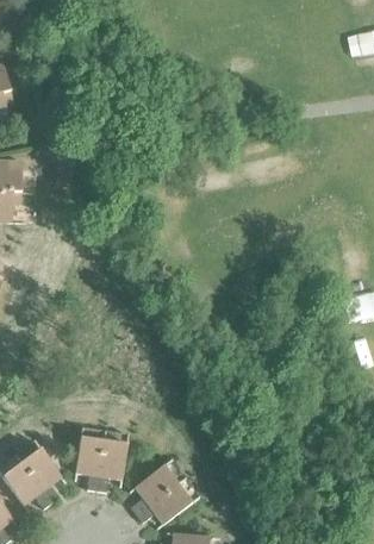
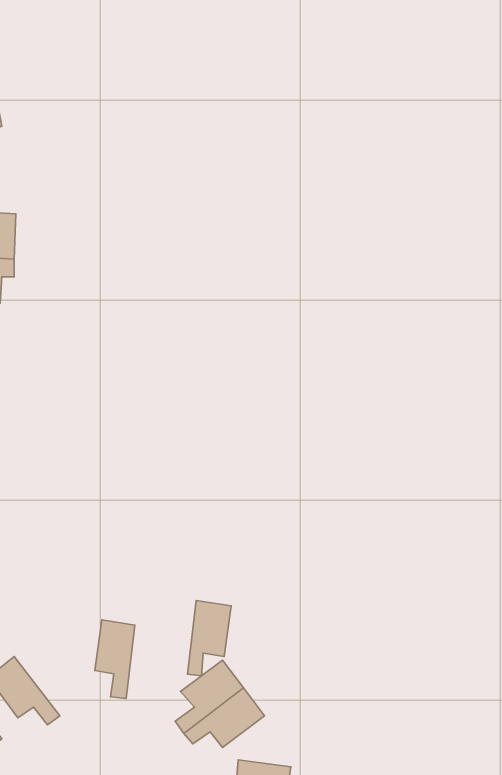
building: [96,439,126,490] -> [187,601,231,676]
building: [20,446,61,501] -> none

